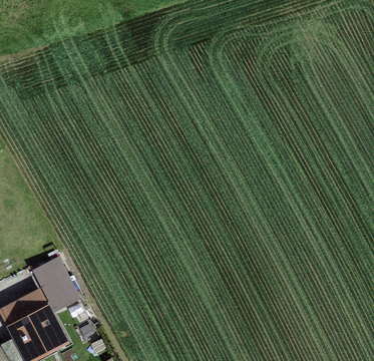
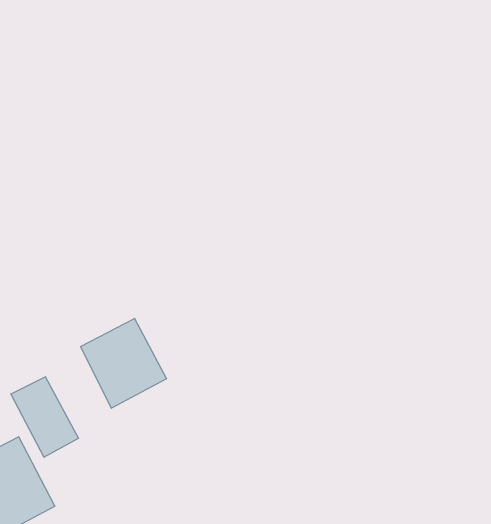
building: none -> [81,318,166,408]

